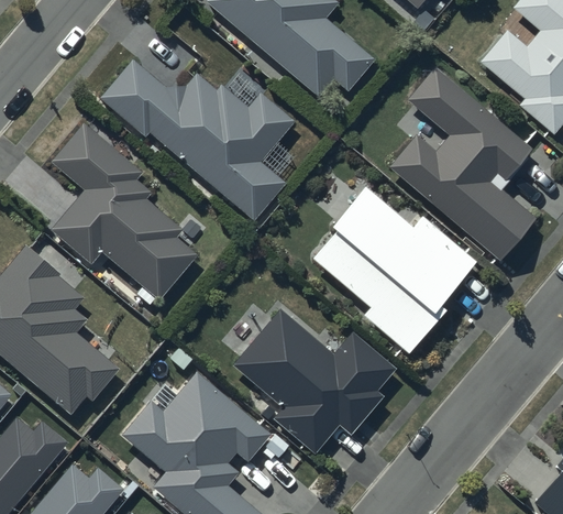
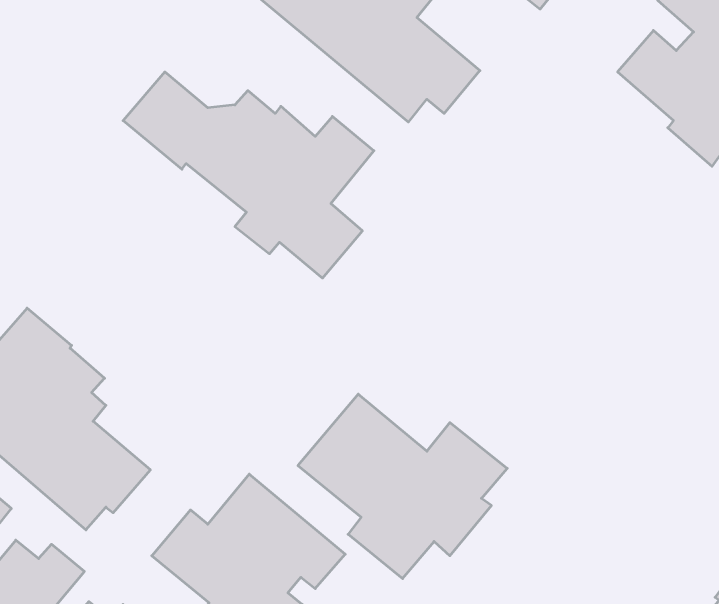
building: [389,67,534,258] -> none
building: [51,122,196,298] -> none
building: [312,183,476,352] -> none

